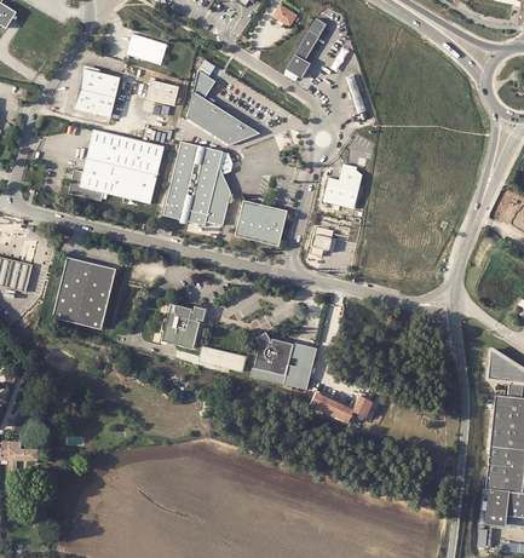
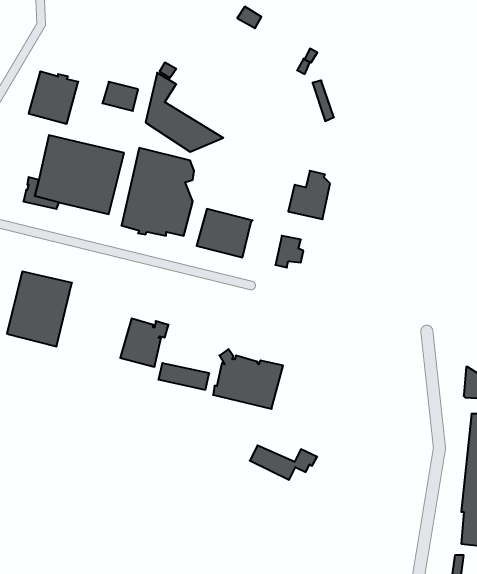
building: [283,17,329,82] -> none
building: [125,33,166,64] -> none
building: [311,387,375,420] -> [250,445,317,480]

